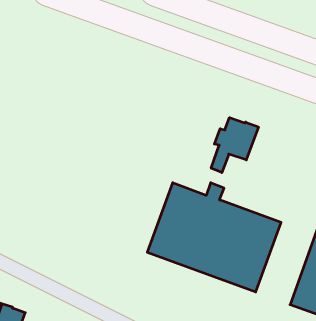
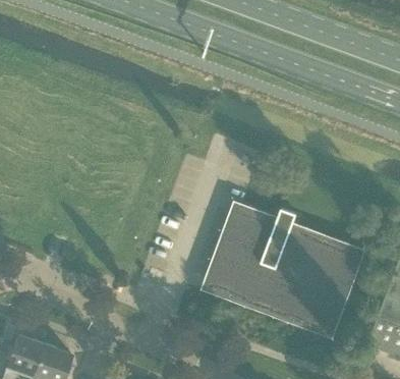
building: [211,118,258,173] -> none

